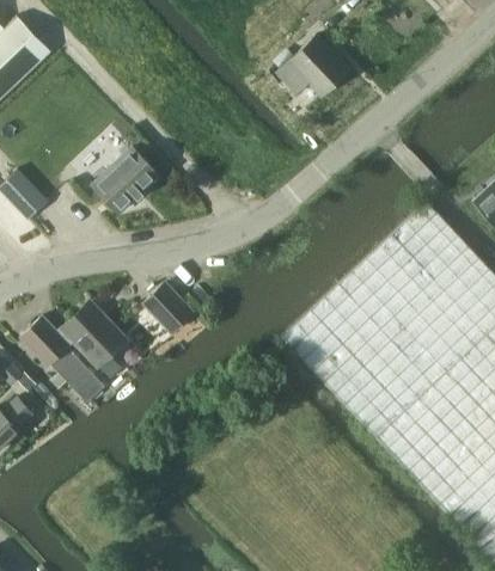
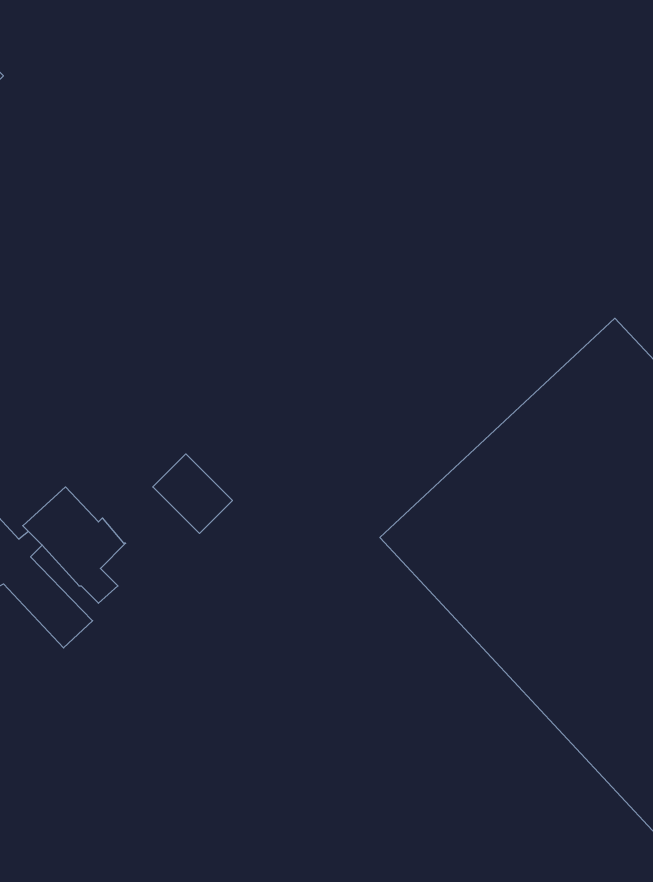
building: [276,37,350,97] -> none
building: [93,148,158,213] -> none

